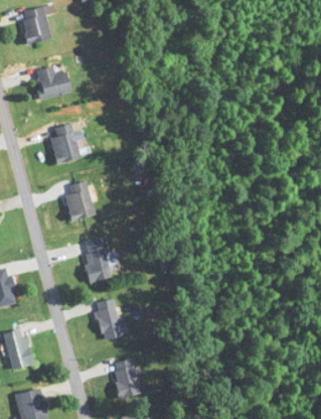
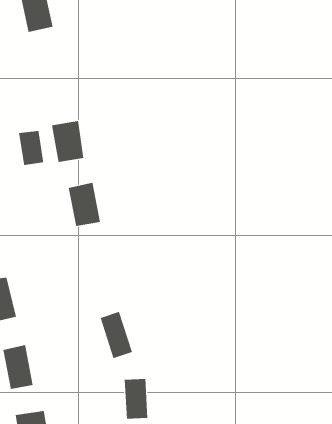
building: [33,65,71,99] -> none
building: none -> [18,130,44,166]
building: [81,237,111,282] -> none

